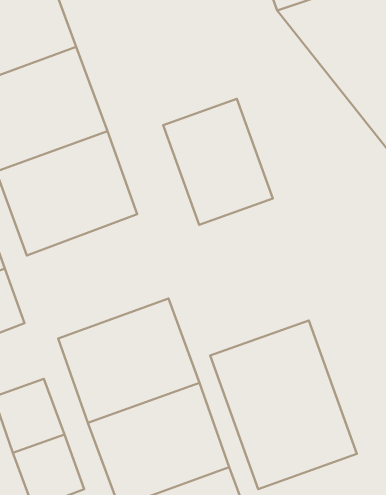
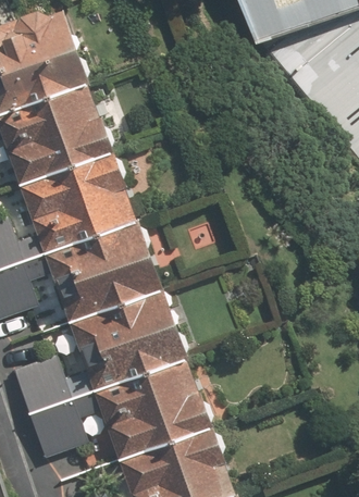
building: [163,99,273,225] -> none
building: none -> [41,214,160,319]
building: [210,321,357,489] -> none

